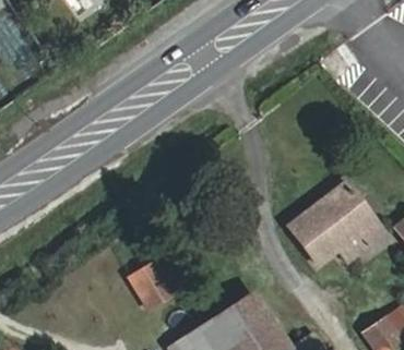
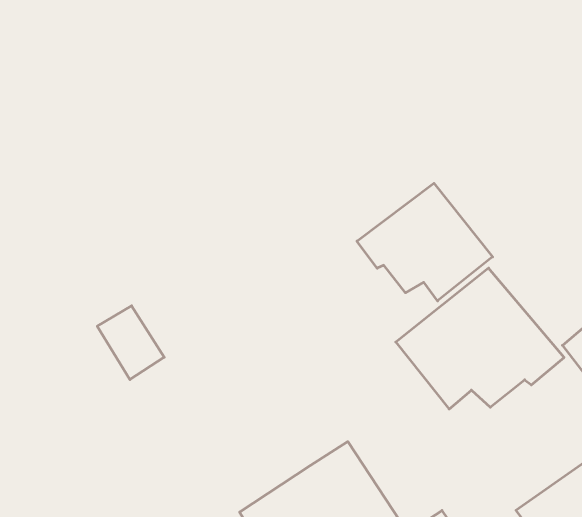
building: none -> [357,183,493,301]
building: [127,261,169,307] -> [97,306,164,380]

